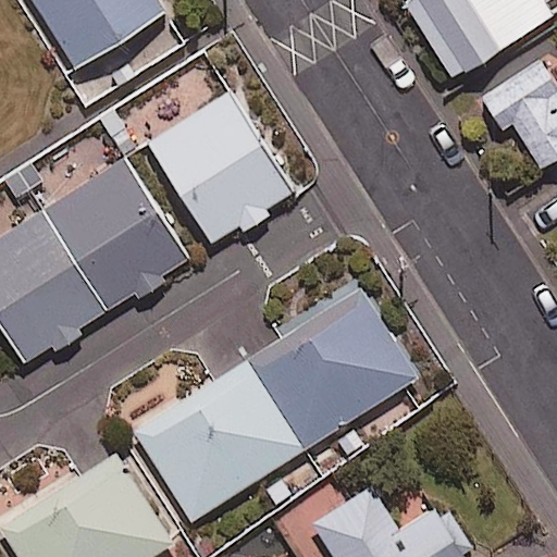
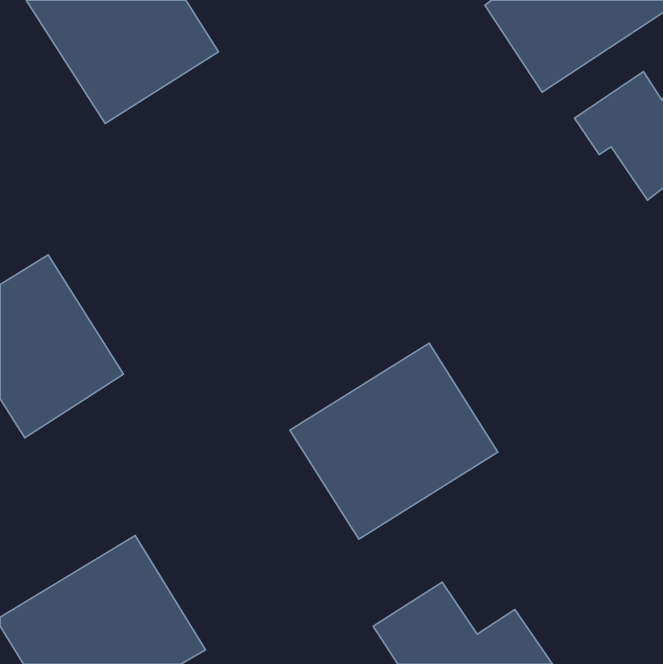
building: [144,88,290,240] -> none
building: [42,159,190,311] -> none
building: [134,360,301,520] -> none

